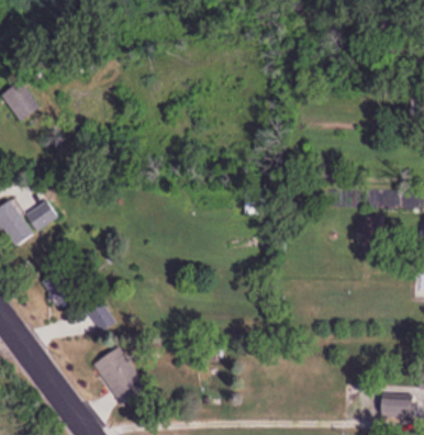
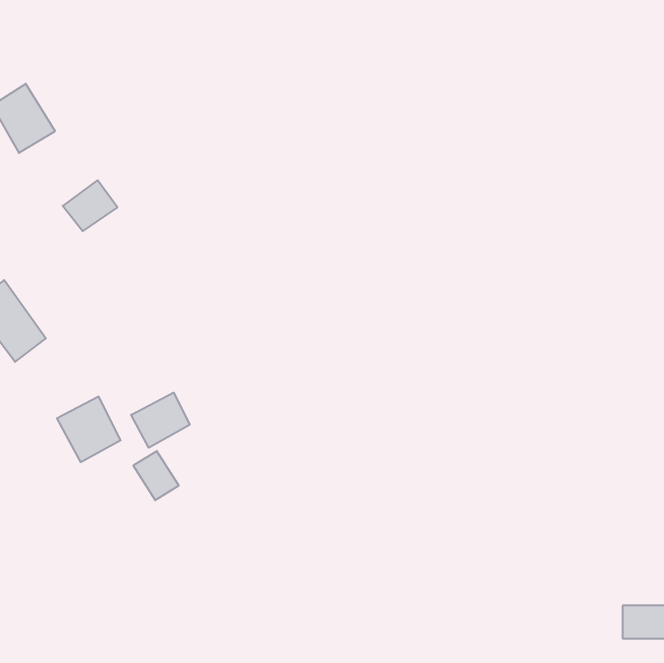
building: [25,199,58,230] -> [63,180,117,231]
building: none -> [131,393,190,448]
building: [93,350,143,399] -> none

